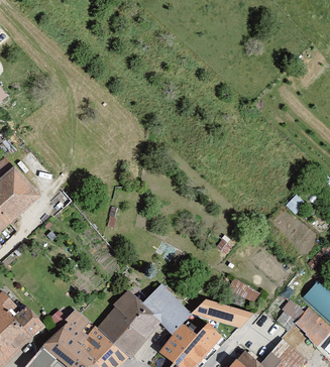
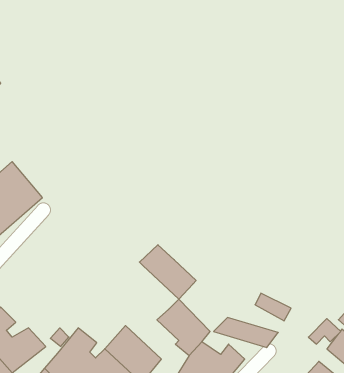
building: [112,289,161,337] -> [139,245,196,299]

